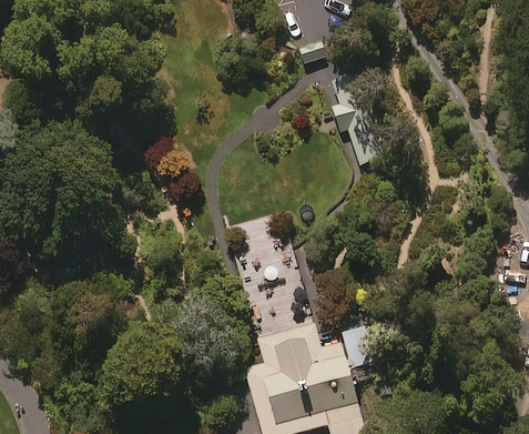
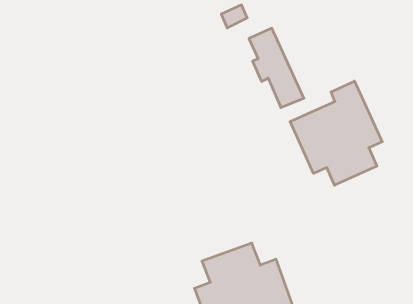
building: none -> [290,81,382,185]

